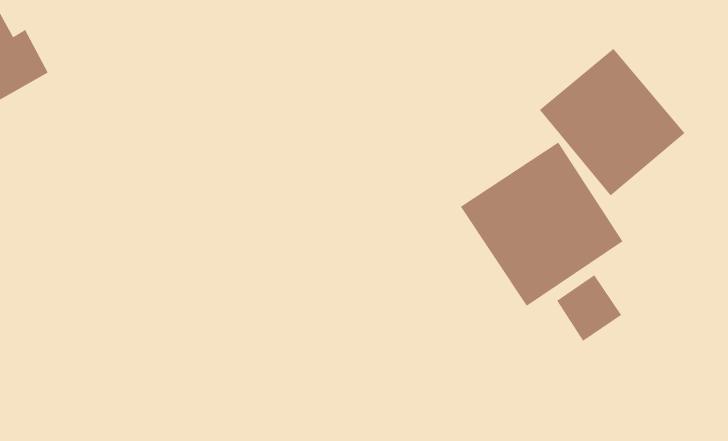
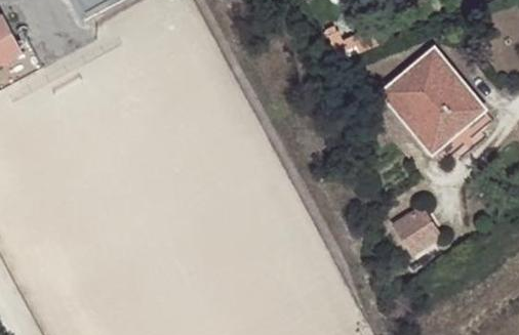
building: [460,142,624,307] -> none

